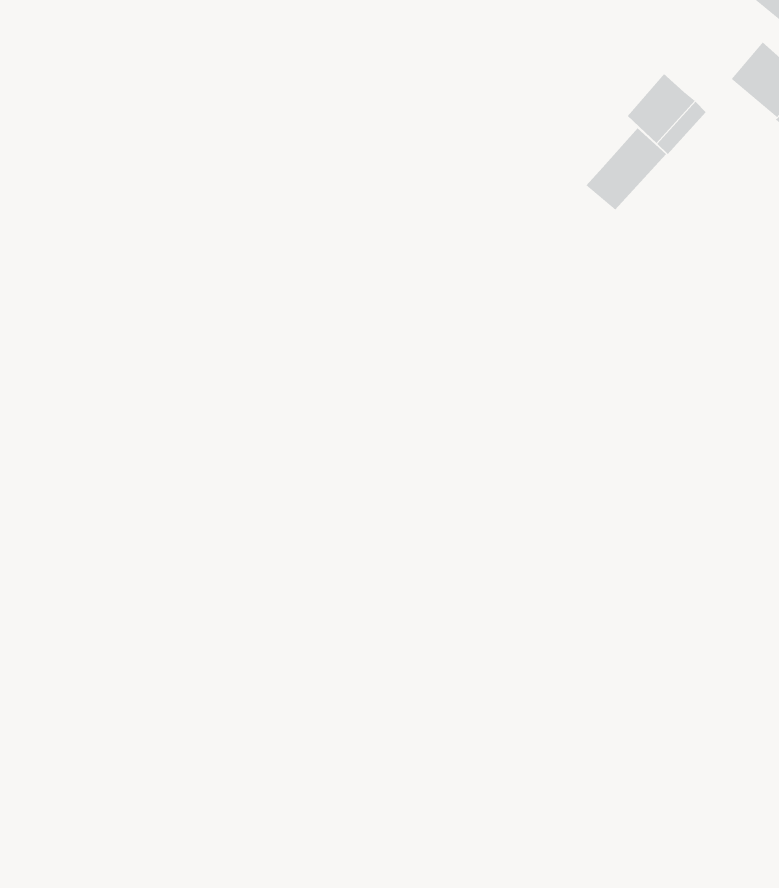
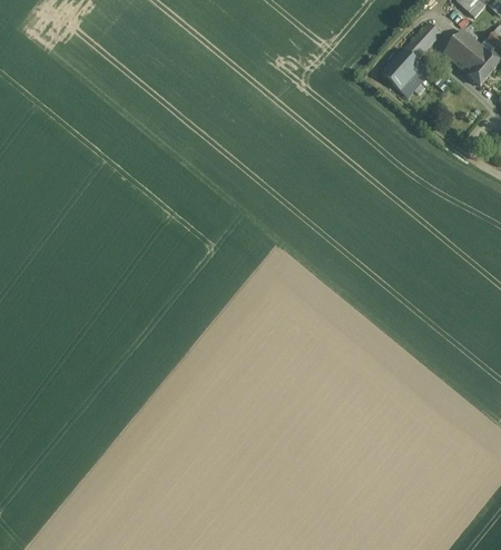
building: none -> [404,22,441,59]
building: [586,127,667,210] -> none

